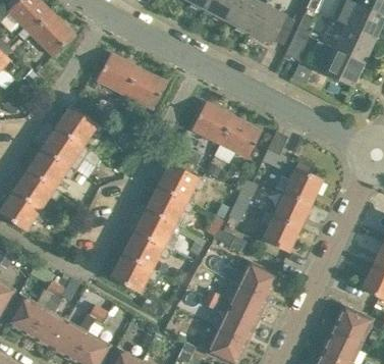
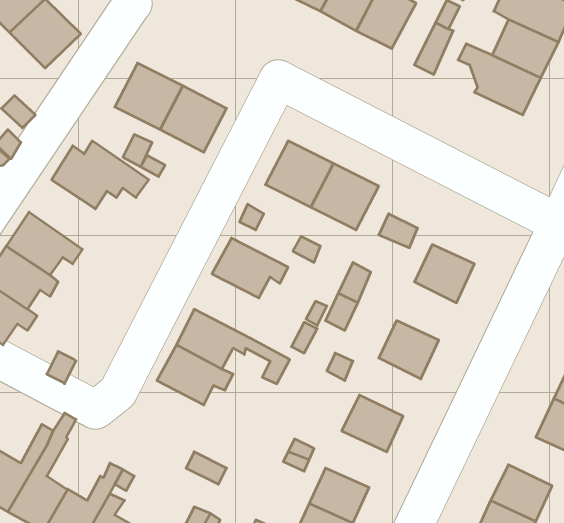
building: [42,126,101,170] -> none
building: [146,186,195,223] -> none
building: [273,191,311,227] -> none
building: [110,254,159,292] -> none
building: [228,284,267,320] -> none

